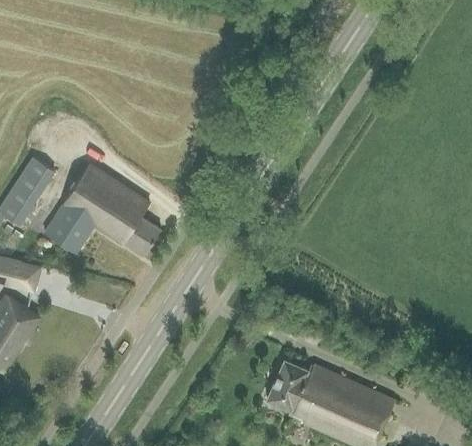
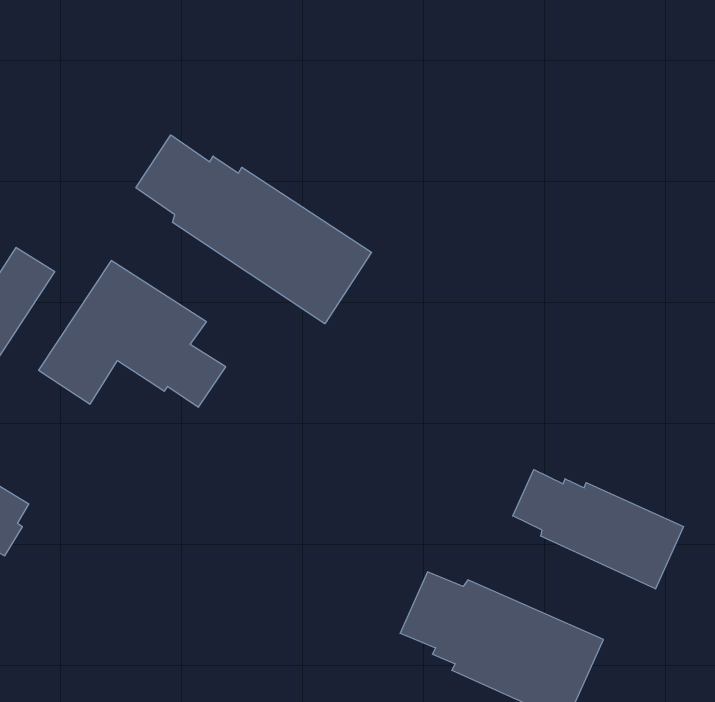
building: none -> [136,135,372,324]
building: none -> [513,470,684,589]

